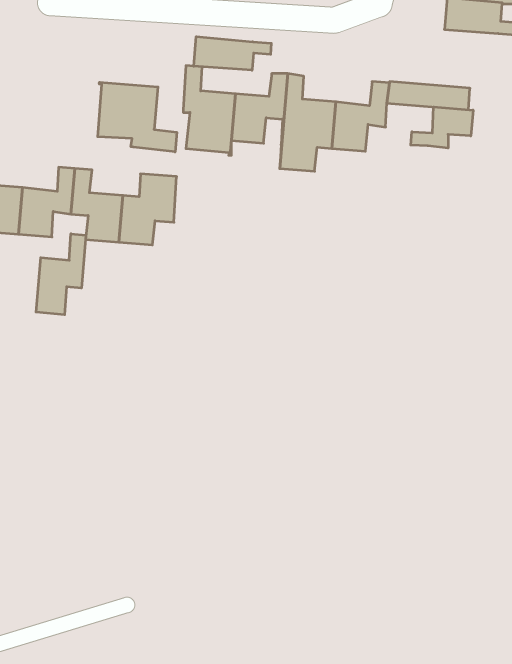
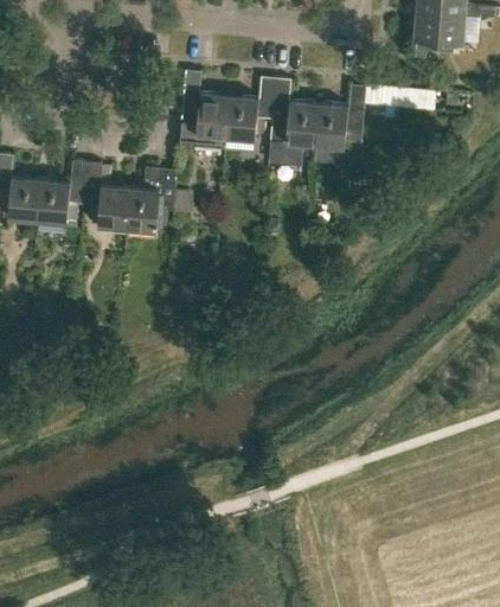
building: [194,37,271,70] -> none
building: [98,82,177,152] -> none
building: [411,107,473,148] -> none
building: [36,234,86,315] -> none

